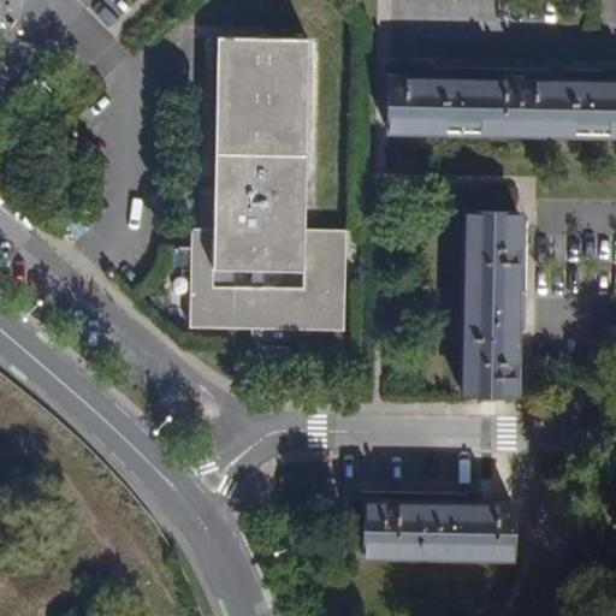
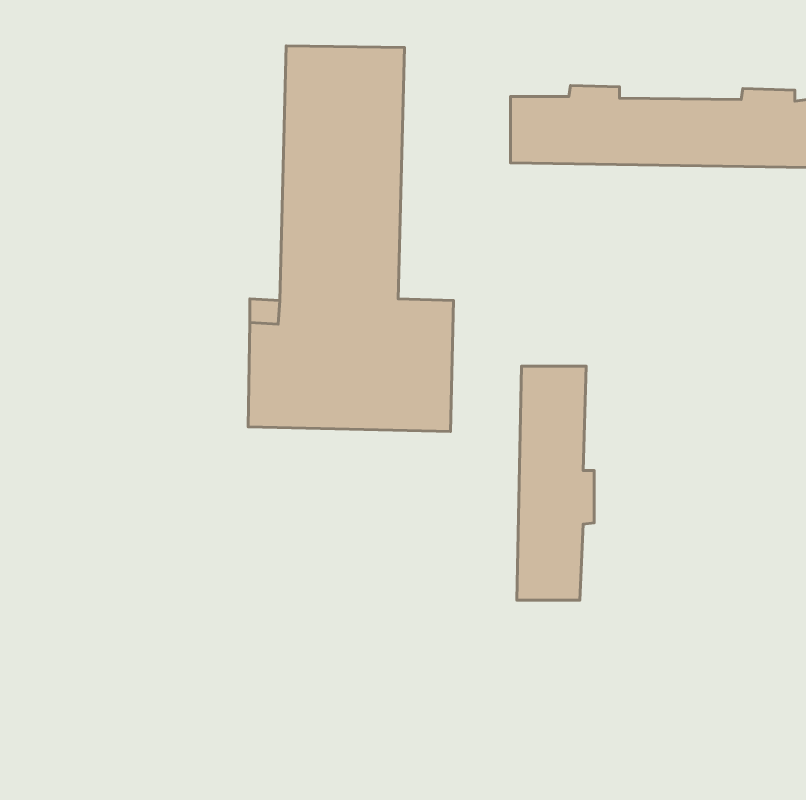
building: [464,219,523,397] -> [517,366,594,600]
building: [367,499,511,562] -> none

